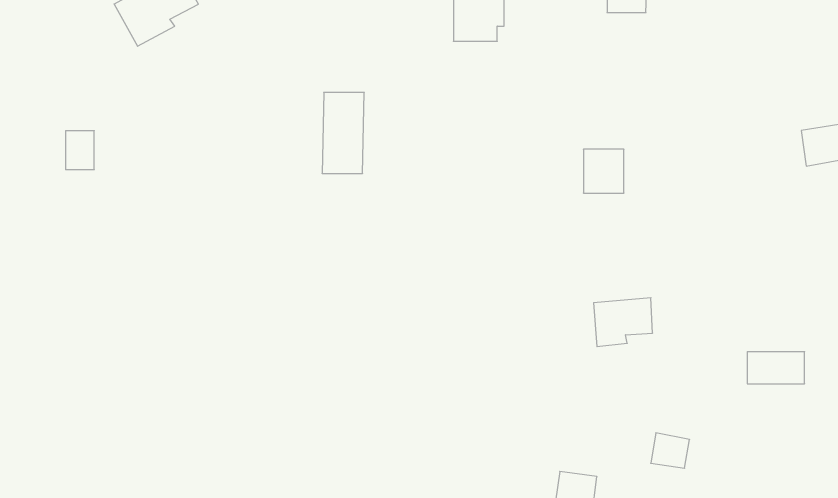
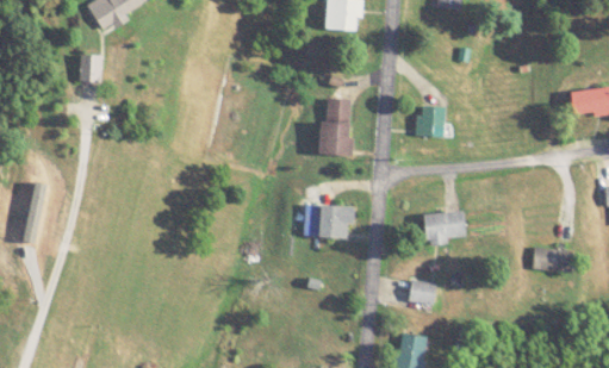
building: [322,92,364,173] -> [322,98,352,155]
building: [66,131,94,170] -> [80,55,100,82]
building: none -> [306,206,347,237]
building: [651,433,690,468] -> [409,280,436,305]

